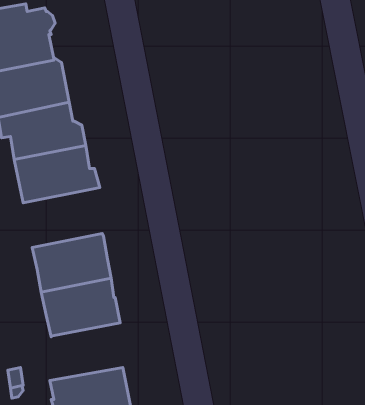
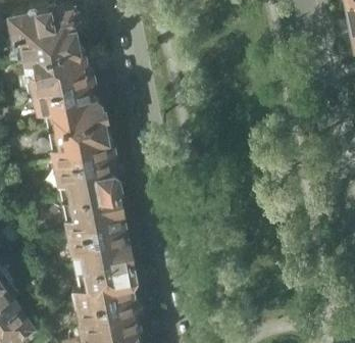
building: none -> [54,154,117,201]
building: none -> [72,261,135,307]

